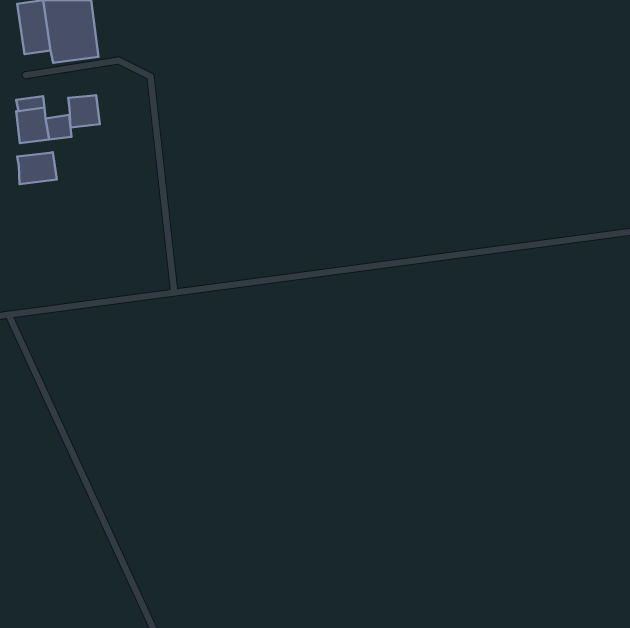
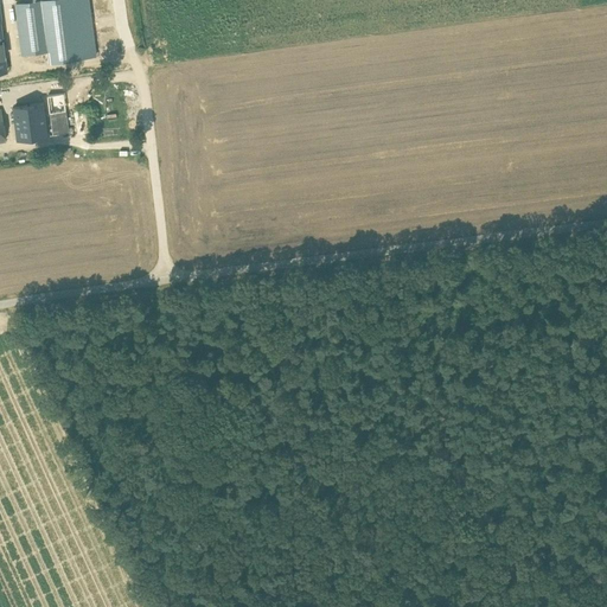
building: [68,95,100,128] -> none
building: [17,152,57,184] -> none

